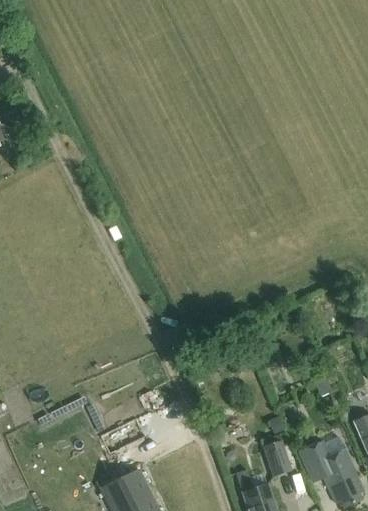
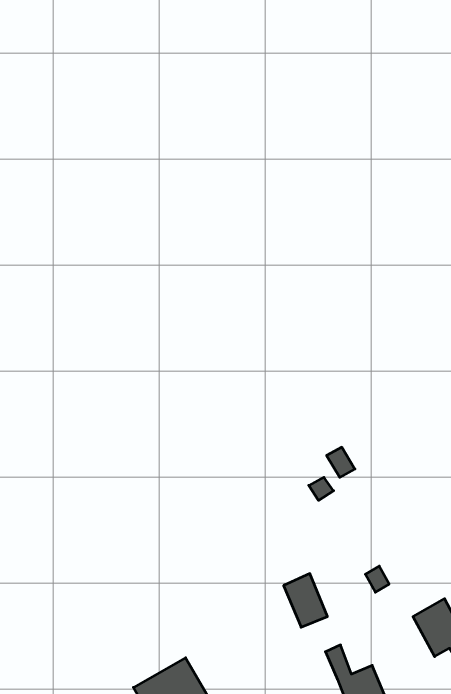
building: [263,438,292,475] -> [284,574,327,627]

